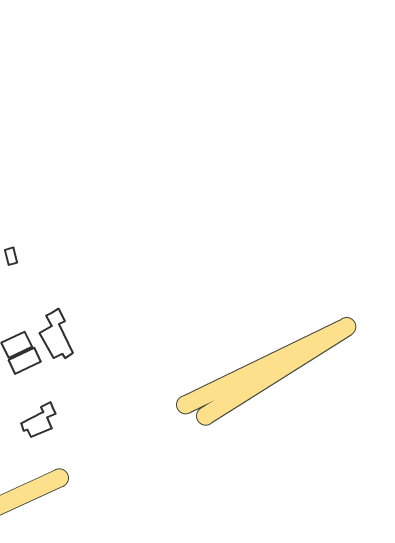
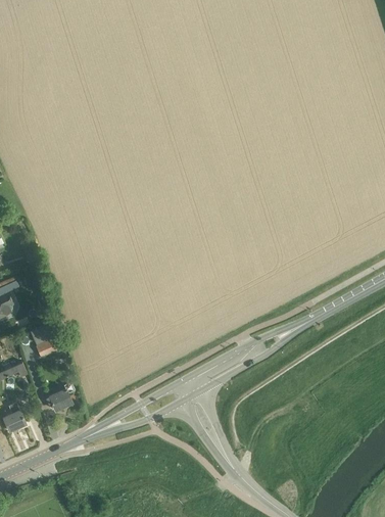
building: [40,309,73,358] -> none

